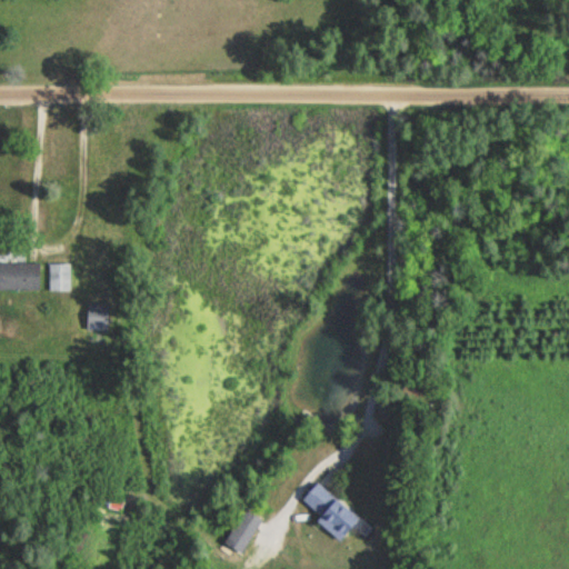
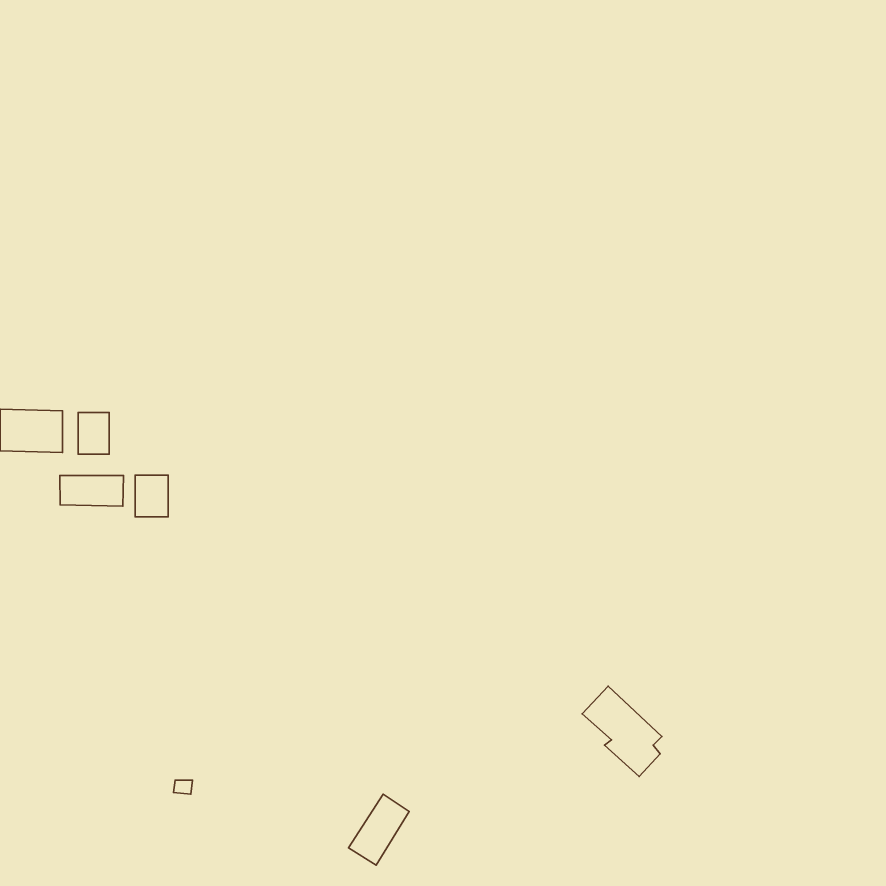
building: none -> [60,475,123,506]
building: [302,482,353,540] -> [582,686,662,776]

